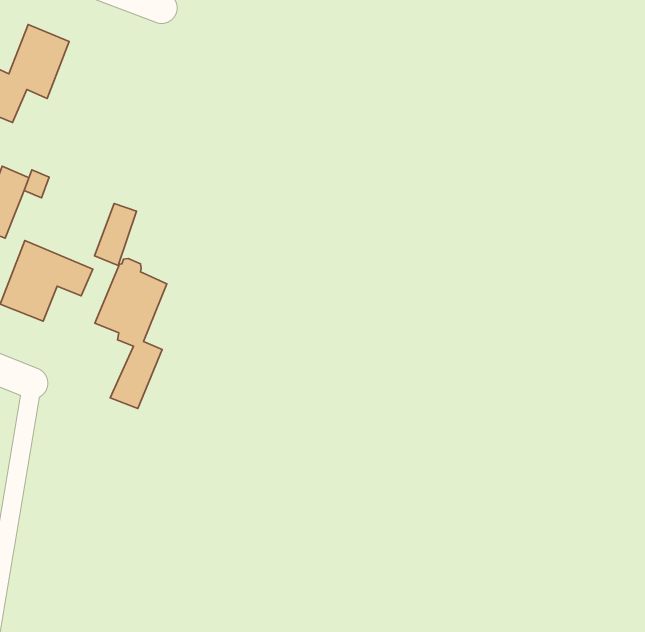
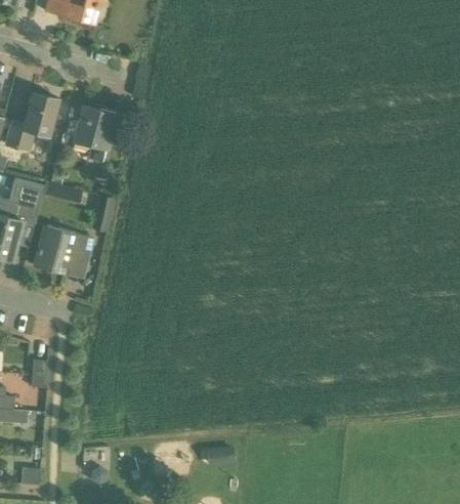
building: none -> [75,106,116,148]
building: [95,258,167,408] -> none

